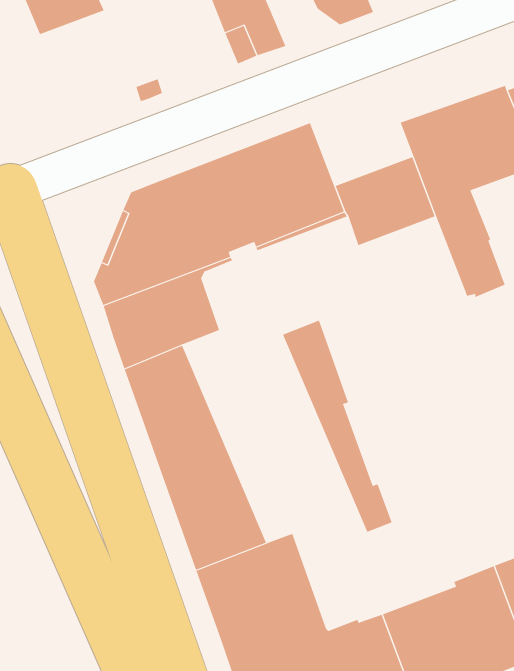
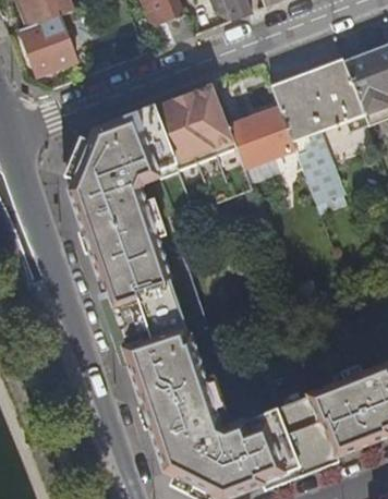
building: none -> [24,9,78,73]
building: [282,320,393,532] -> [126,223,201,366]

